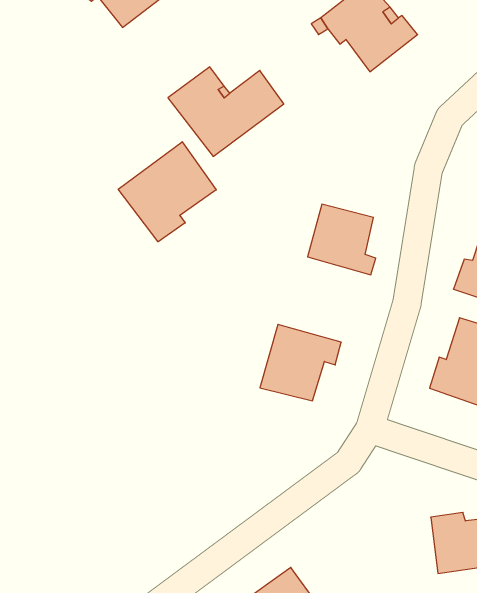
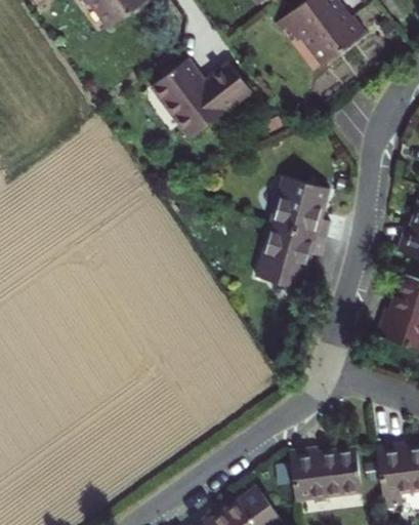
building: [118,142,216,242] -> none
building: [260,324,341,401] -> [256,223,326,288]
building: none -> [289,447,362,498]

